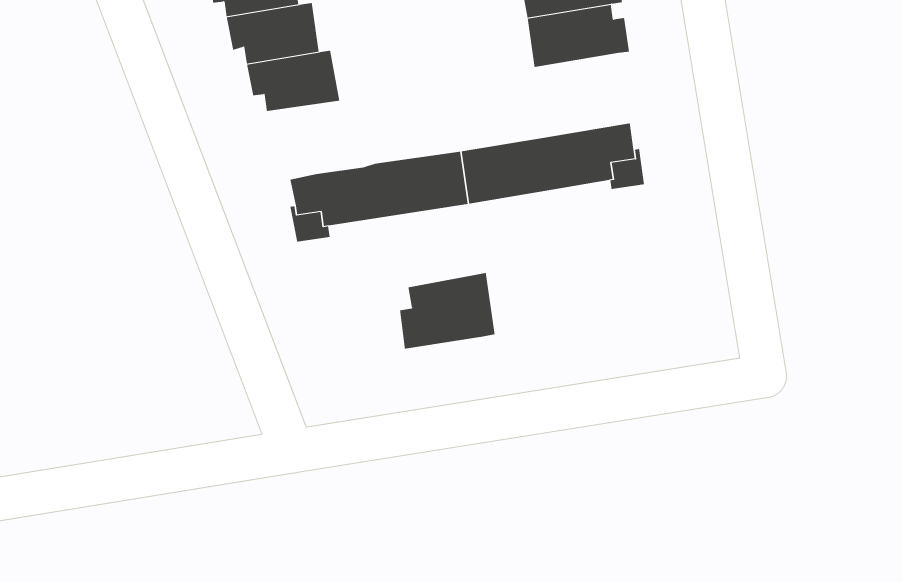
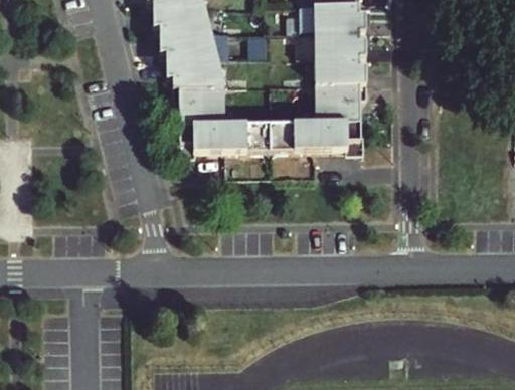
building: none -> [317,79,369,118]
building: none -> [174,82,220,121]
building: [399,272,495,350] -> none

